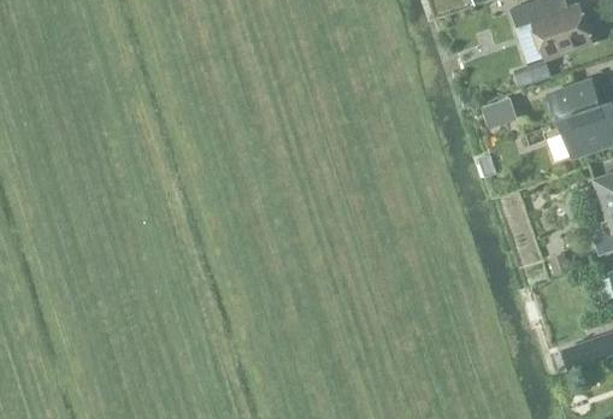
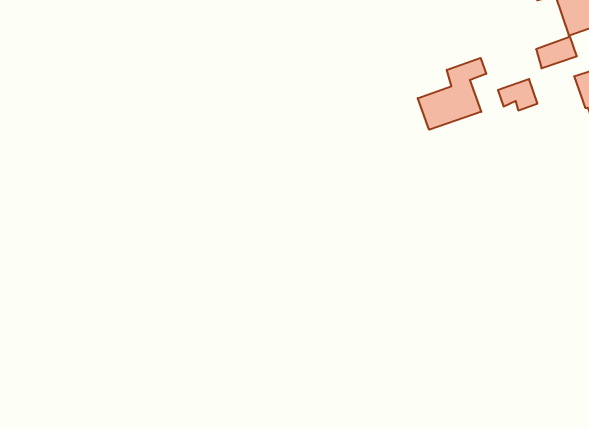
building: none -> [418,58,486,130]

